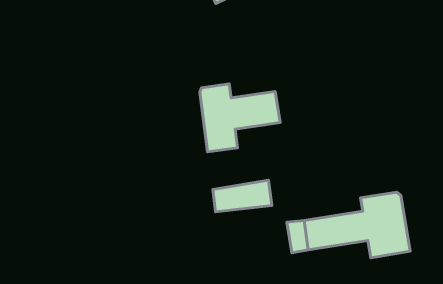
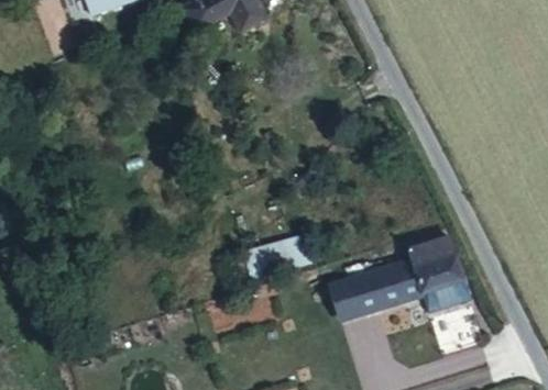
building: [200,84,280,152] -> none

